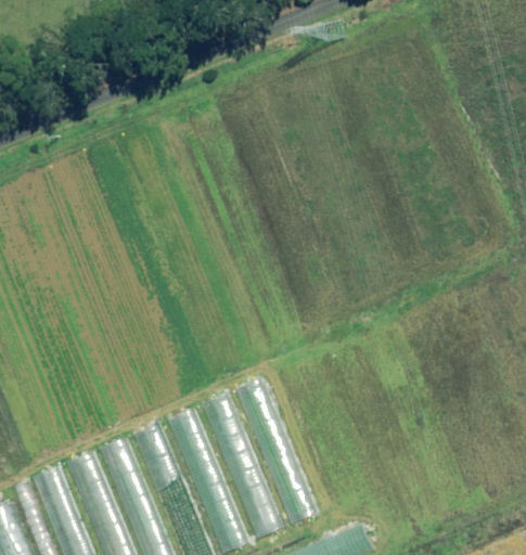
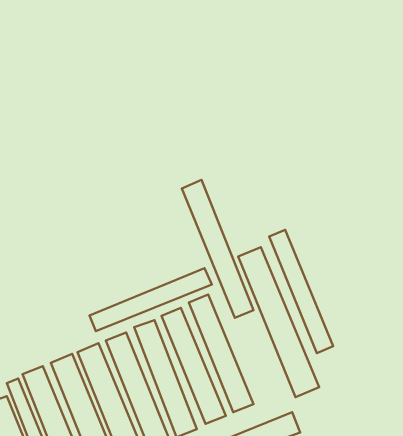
building: none -> [182,180,254,318]
building: none -> [269,230,333,353]
building: none -> [238,247,319,397]
building: none -> [89,268,212,331]

